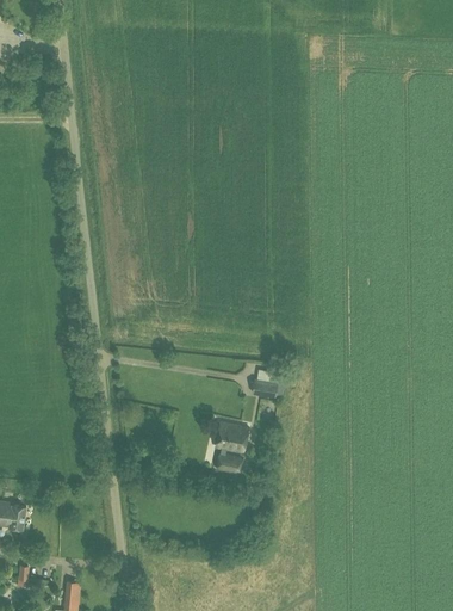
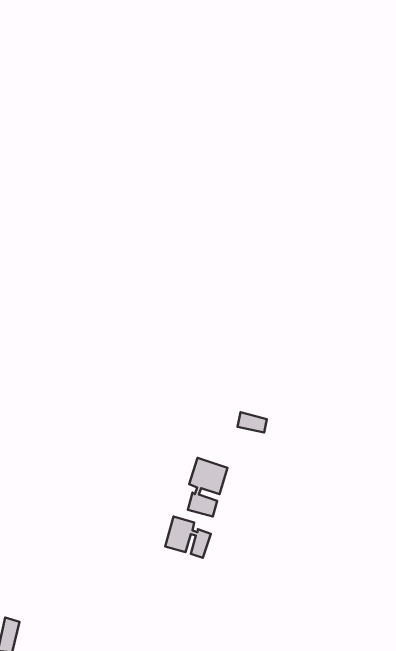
building: none -> [165,517,211,558]

